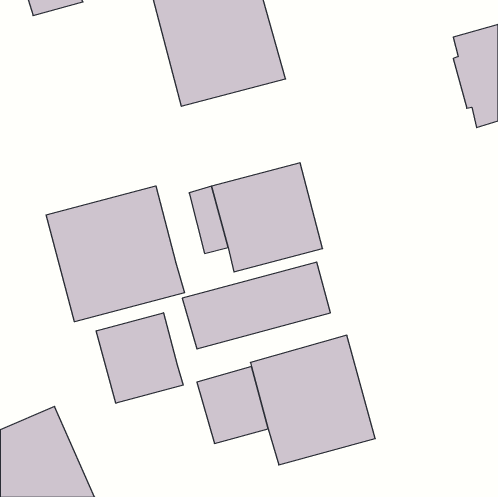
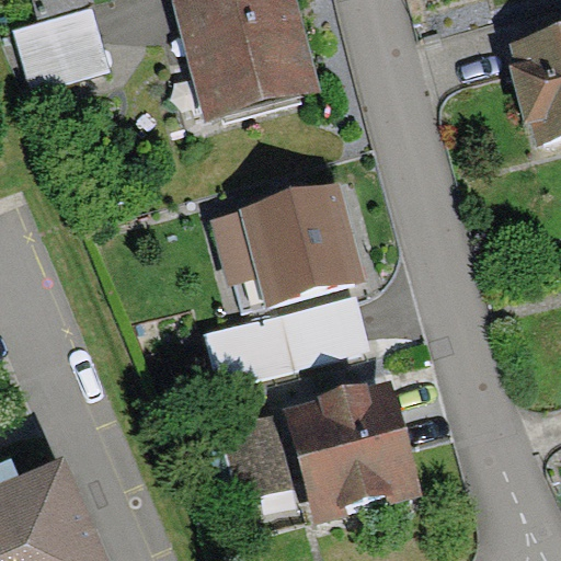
building: none -> [14,8,110,92]
building: [46,186,184,322] -> none
building: [96,313,183,403] -> none

